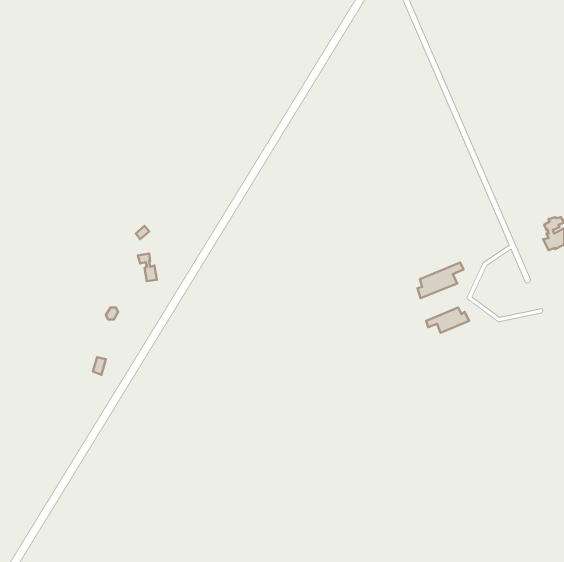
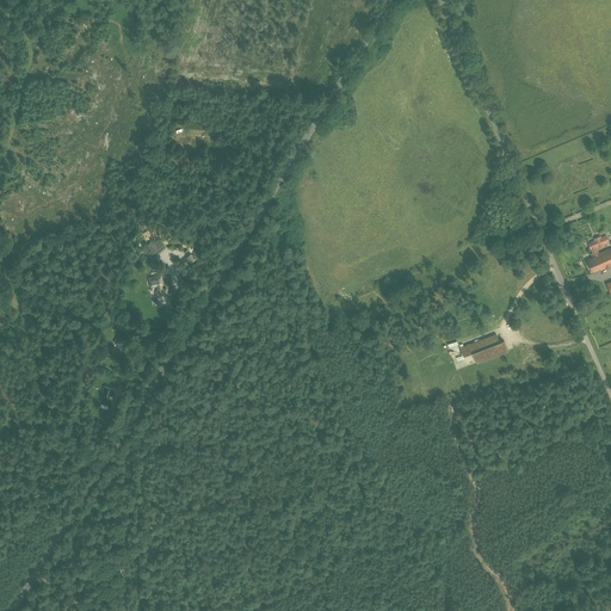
building: [417,263,464,298] -> none

